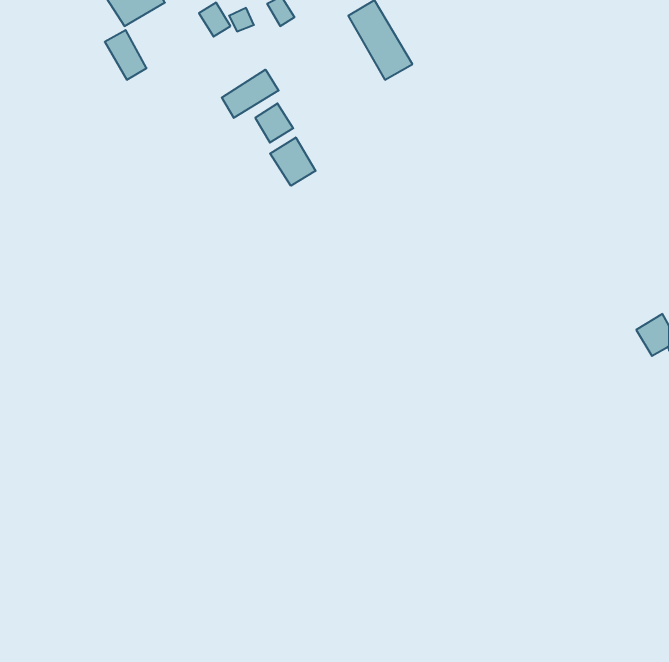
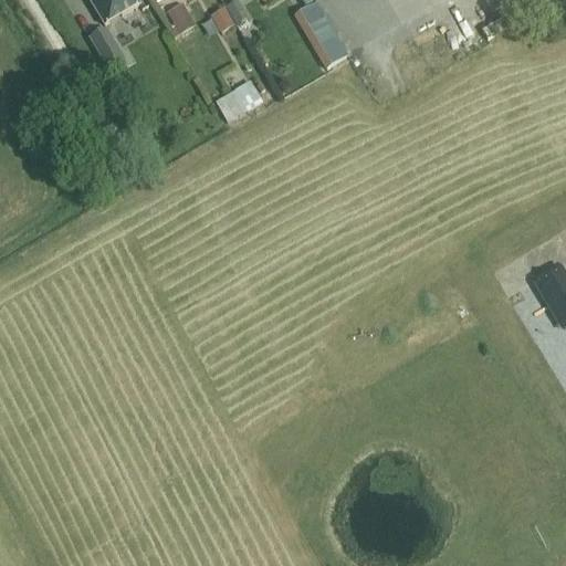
building: [222,70,279,118] -> none
building: [270,137,316,186] -> none

